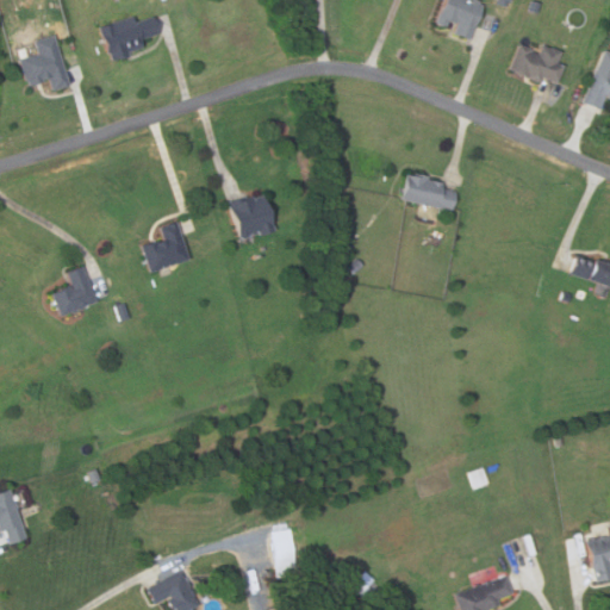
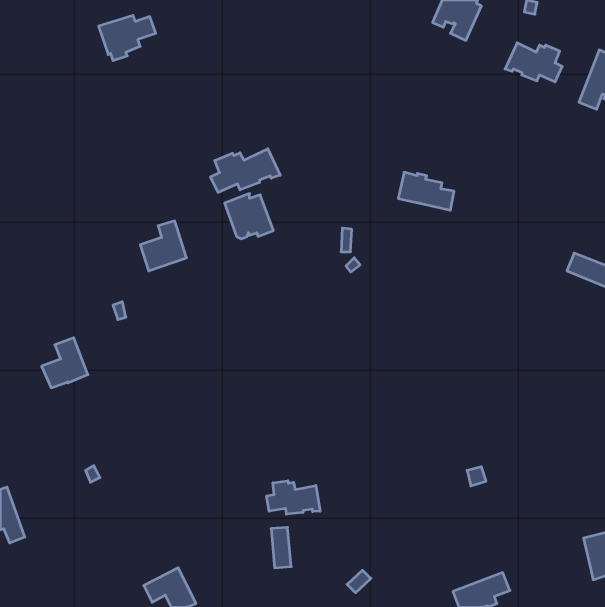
building: [19,48,69,88] -> none
building: none -> [211,149,280,192]
building: [52,264,99,315] -> [42,338,88,388]
building: none -> [267,481,320,514]

